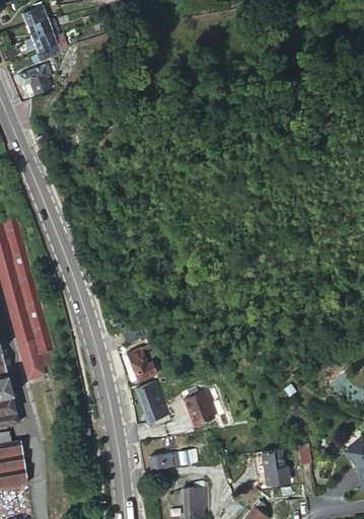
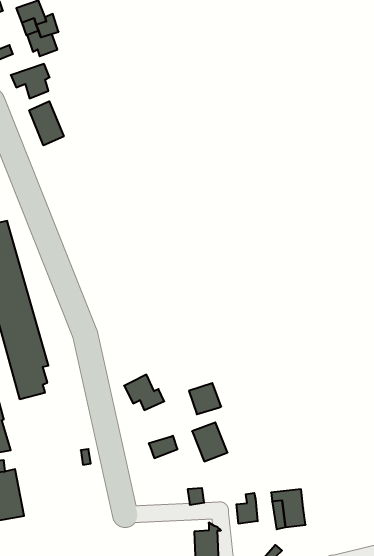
building: none -> [29,101,64,145]
building: [135,382,164,411] -> [189,383,221,414]
building: [147,452,179,470] -> none
building: none -> [236,493,258,524]

